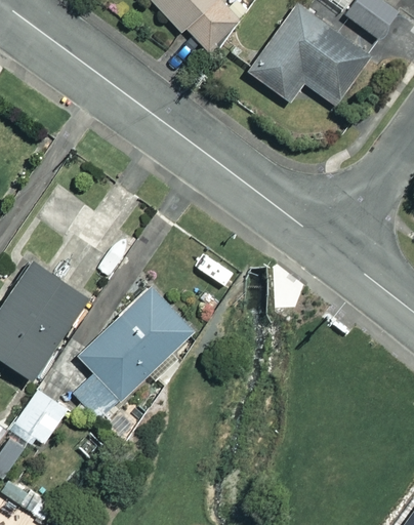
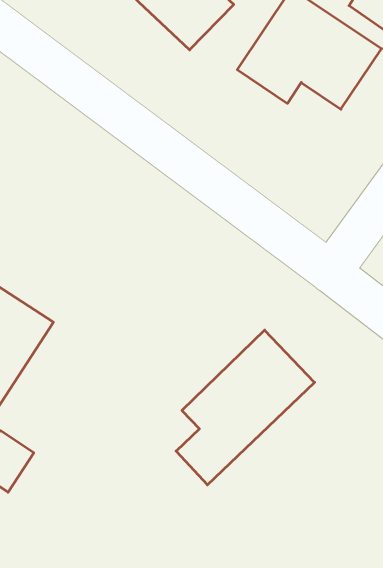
building: [74,286,196,422] -> [176,330,315,485]

